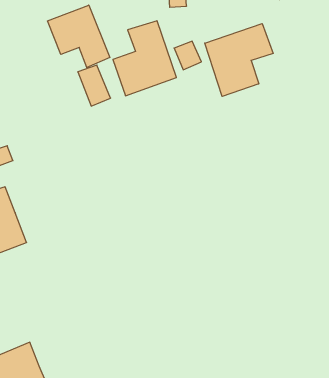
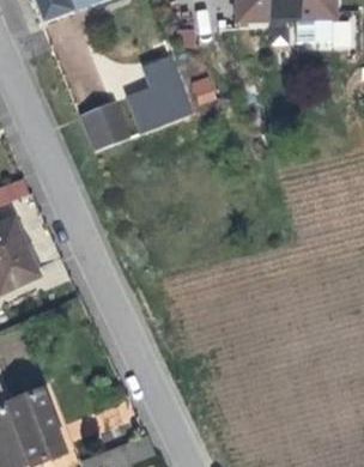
building: [48,5,110,68] -> none
building: [205,24,273,96] -> none

